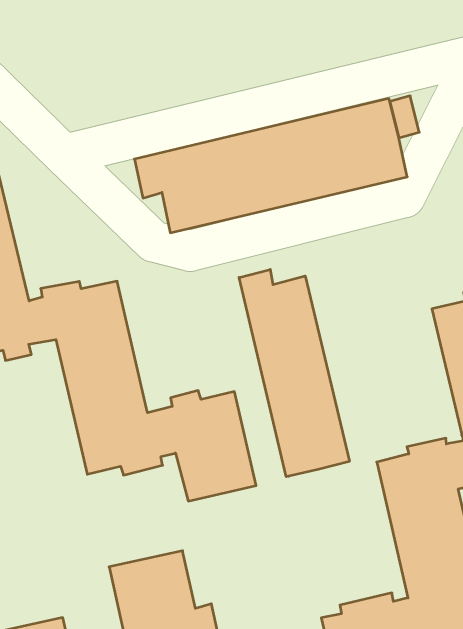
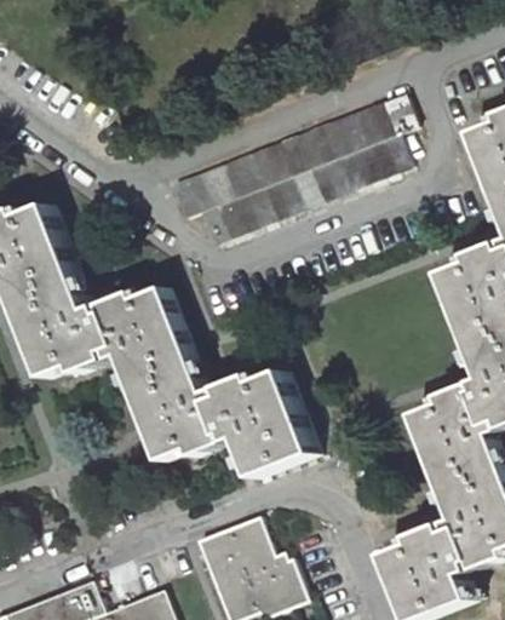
building: [239,269,349,477] -> none

